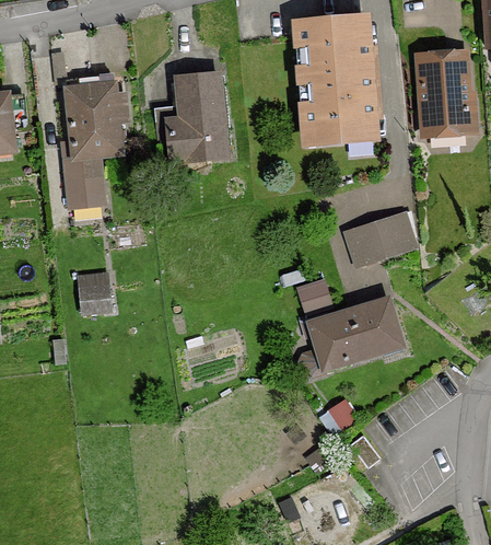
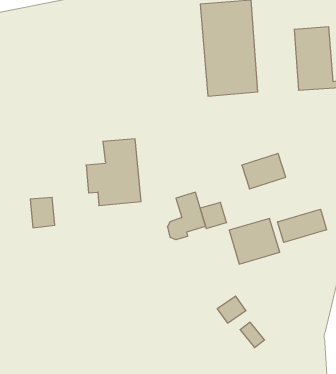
building: [155,73,226,160] -> [86,139,141,206]
building: [63,82,127,205] -> none
building: none -> [278,209,327,242]
building: [300,315,349,376] -> [167,192,205,240]

